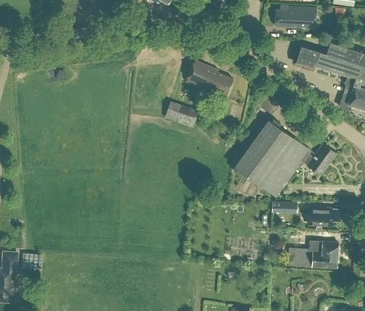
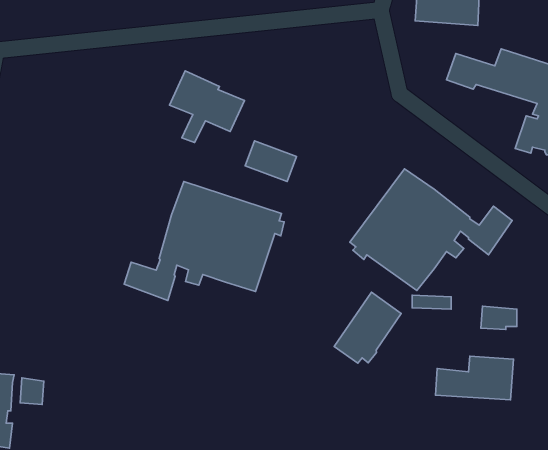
building: [185,60,233,106] -> [169,71,244,143]
building: none -> [124,181,284,300]
building: none -> [334,292,401,363]

